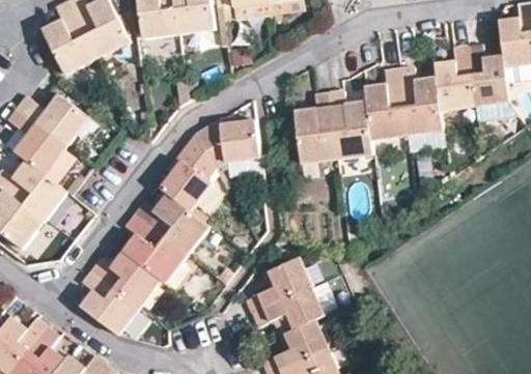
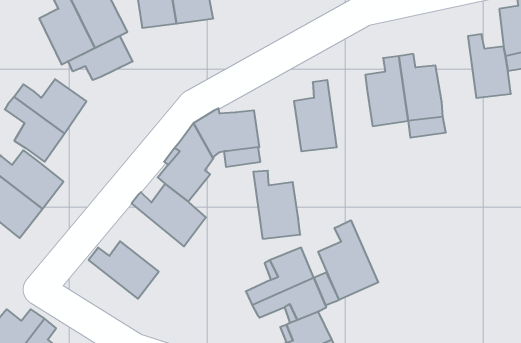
building: none -> [68,36,133,80]
building: [432,48,474,113] -> none
building: [327,90,373,157] -> [253,171,300,239]
building: [121,213,185,284] -> none
building: none -> [318,220,378,300]
building: [80,269,139,336] -> none

